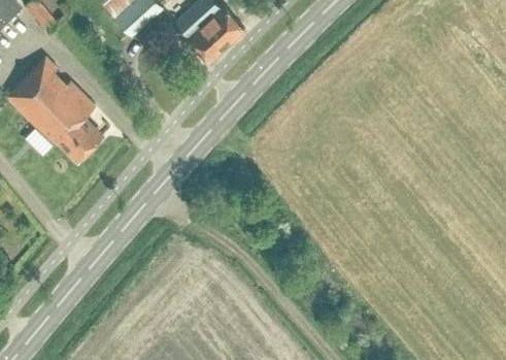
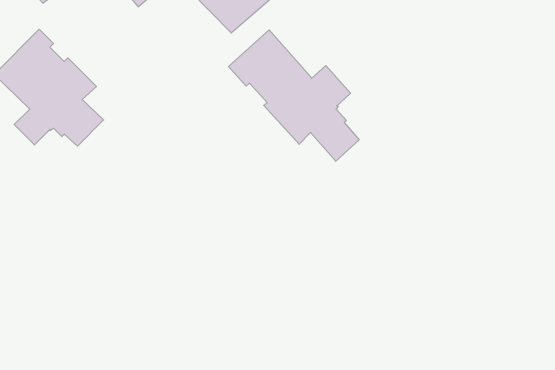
building: none -> [229,30,359,161]

